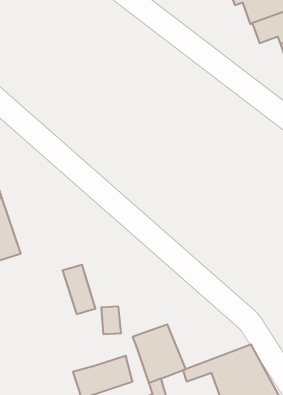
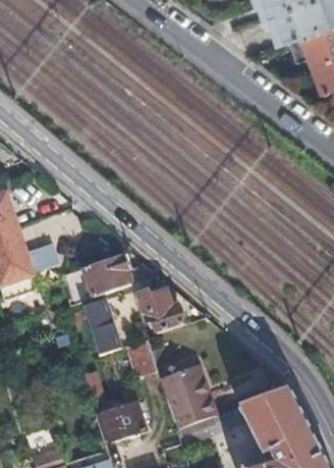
building: none -> [64,253,132,303]
building: none -> [137,290,183,332]

